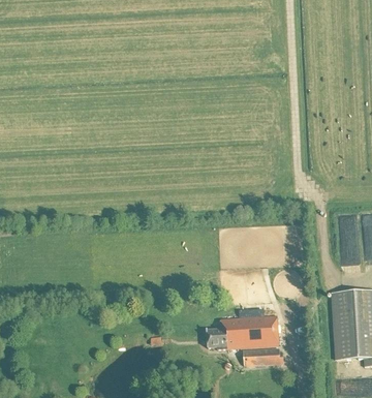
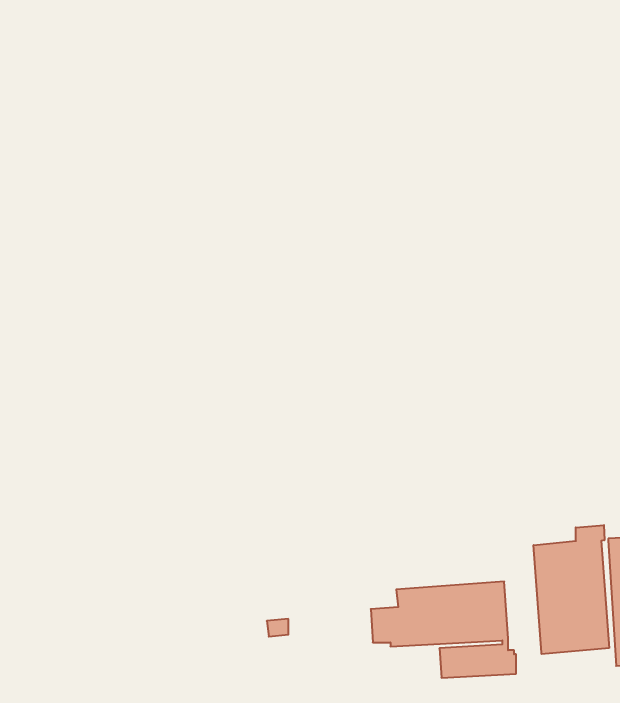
building: none -> [534,525,609,654]

